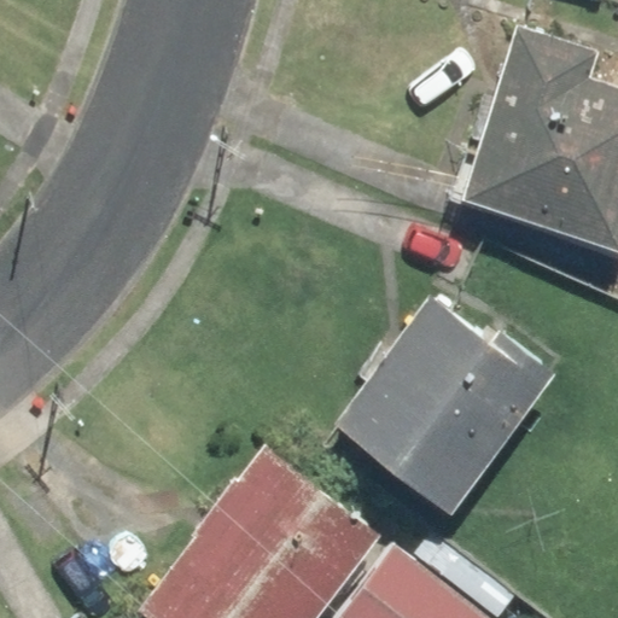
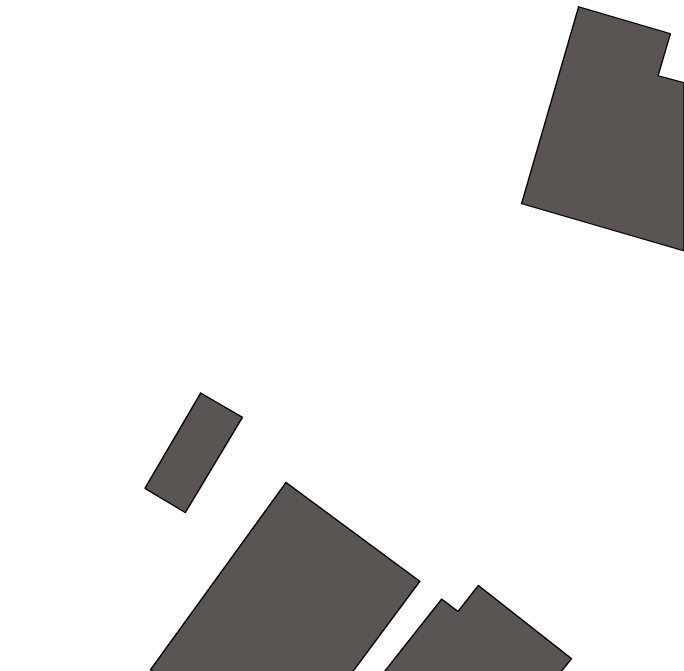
building: [337,295,552,513] -> none

